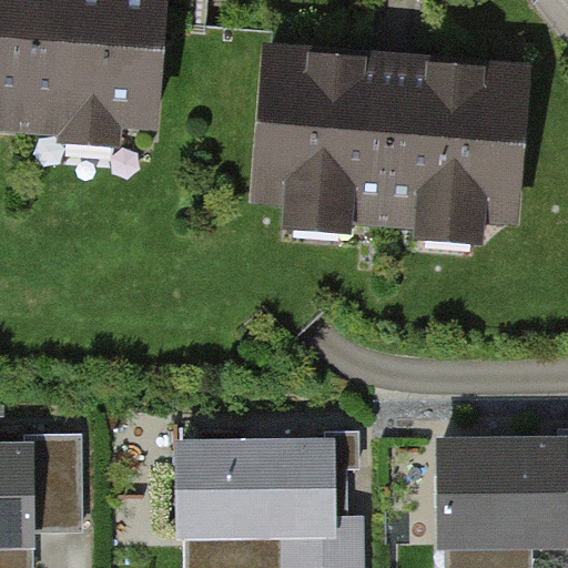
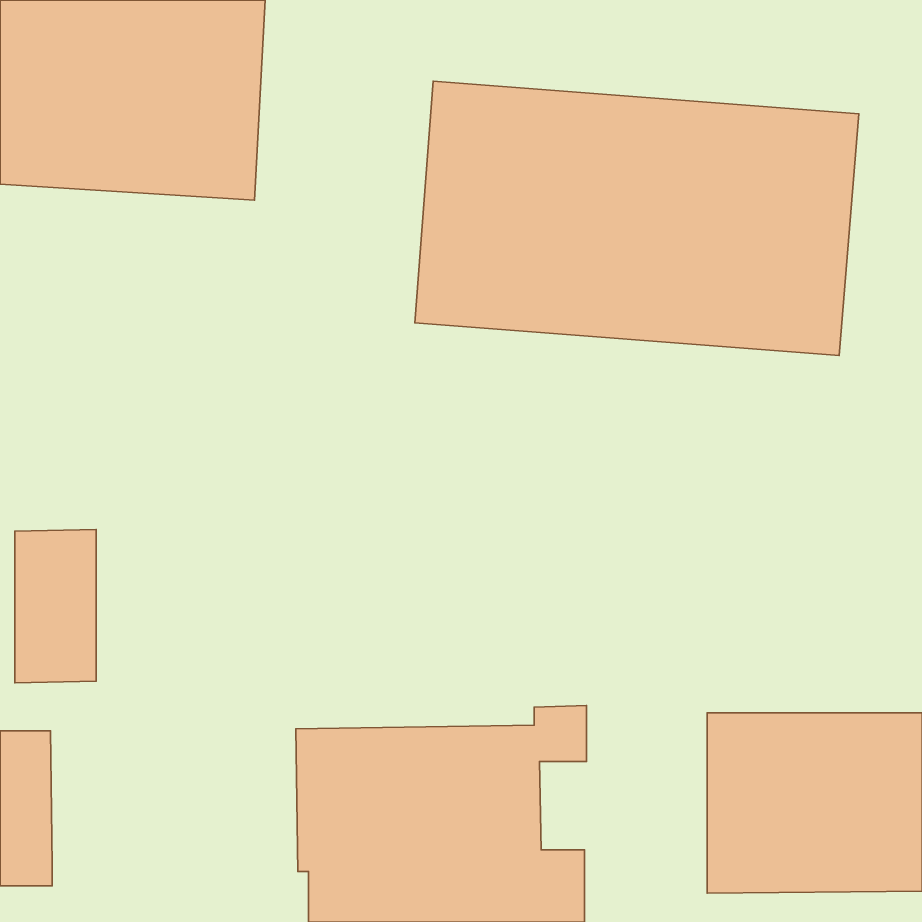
building: [32,437,82,531] -> [15,529,96,683]

